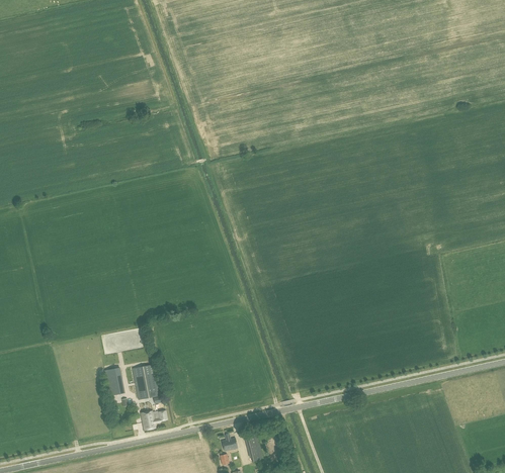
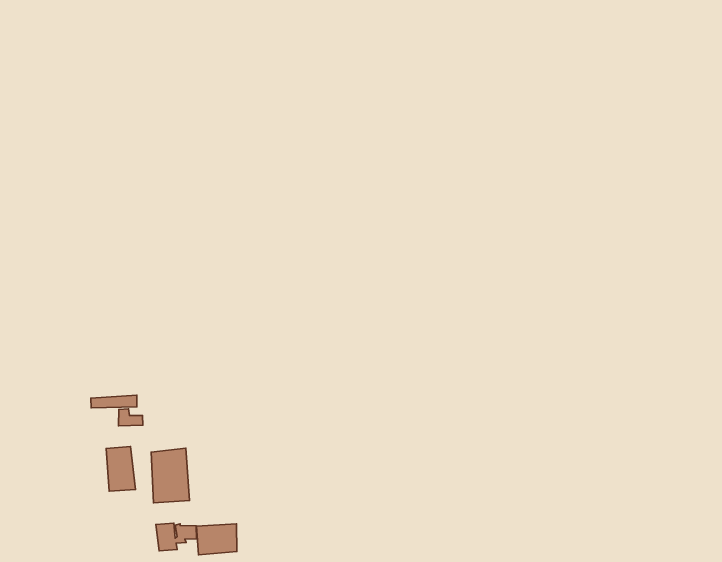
building: none -> [197,524,237,555]

